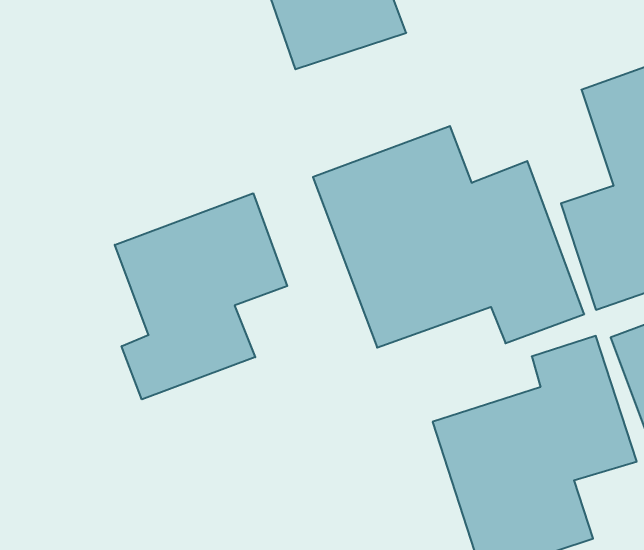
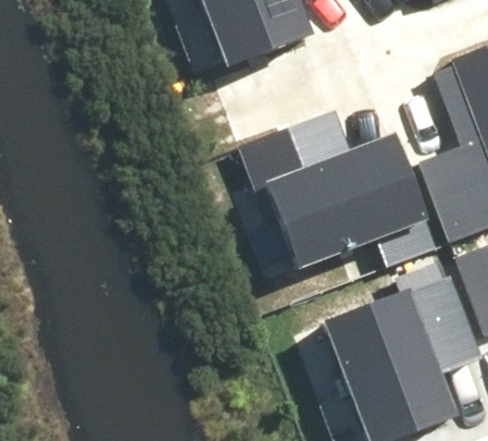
building: [115,193,287,399] -> none

